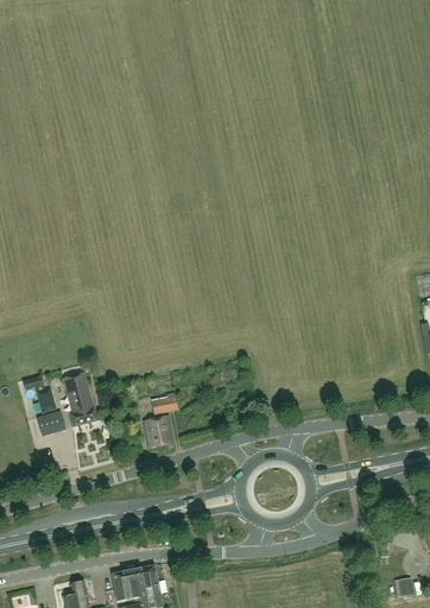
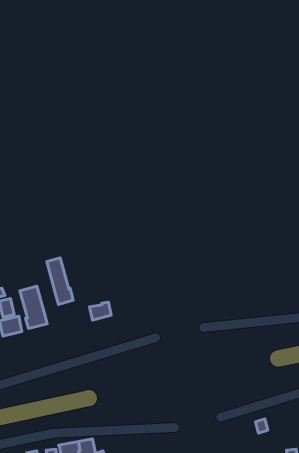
building: none -> [47,258,73,305]
building: [144,416,173,448] -> none

